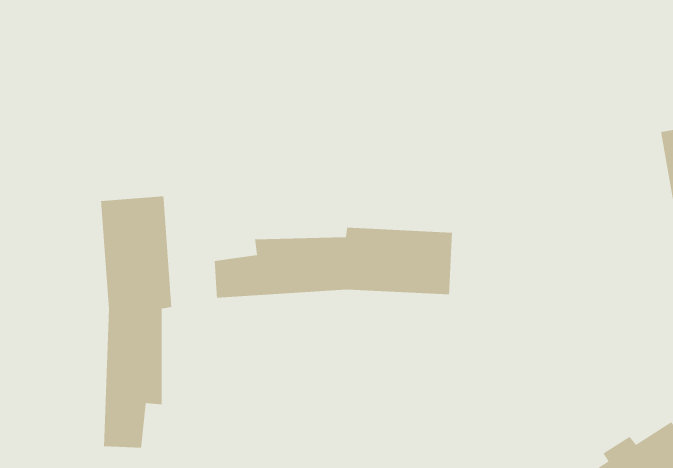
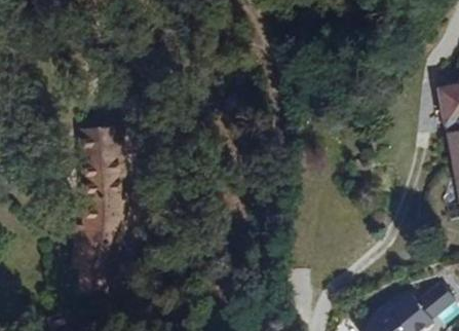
building: [214,227,453,298] -> none

